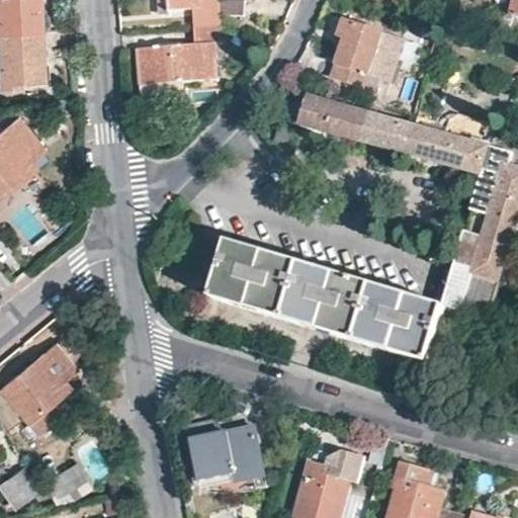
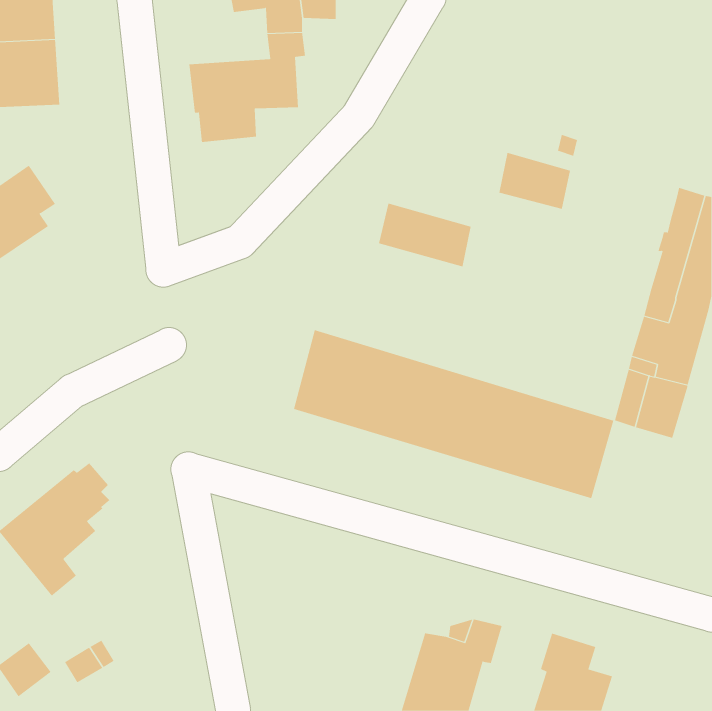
building: [331,17,393,91] -> none
building: [299,93,367,140] -> [378,203,472,267]
building: [408,123,490,168] -> none
building: [182,418,264,481] -> none

